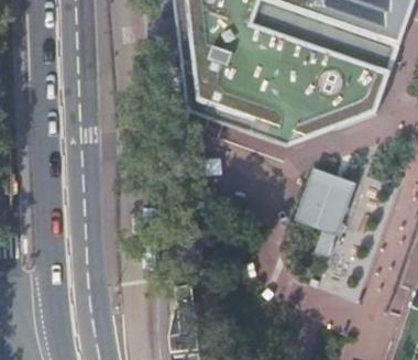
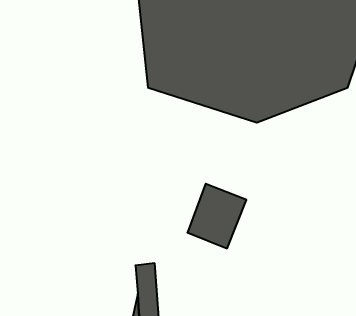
building: [294,166,351,229] -> [187,184,246,248]

